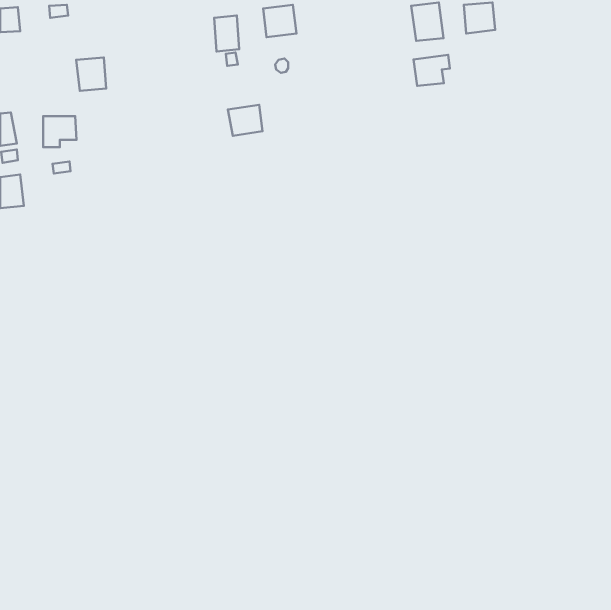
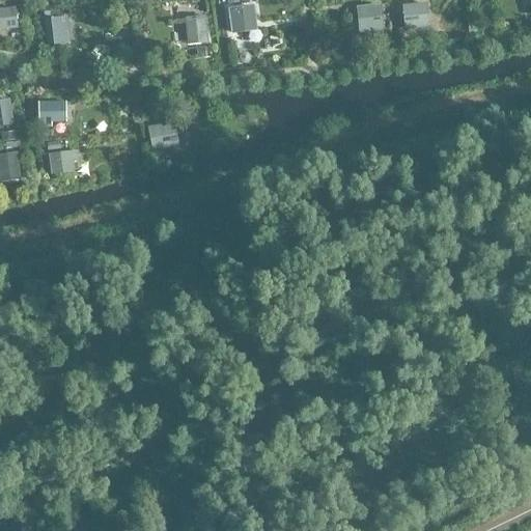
building: [414,55,450,86] -> none
building: [76,57,106,91] -> [44,16,69,45]
building: [228,105,263,136] -> [148,121,178,148]
building: none -> [50,149,80,173]

